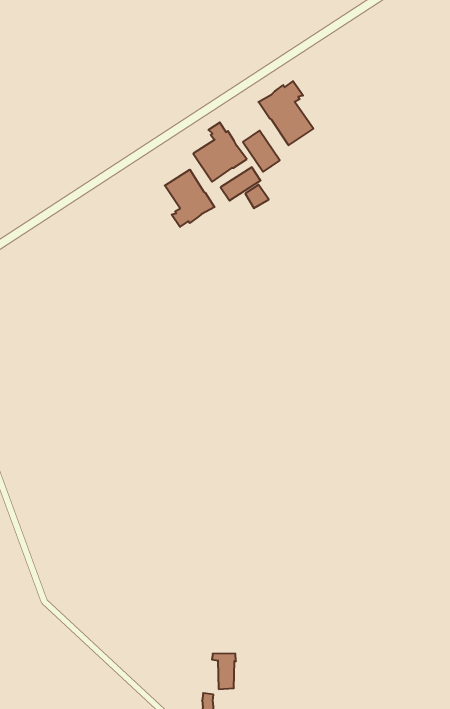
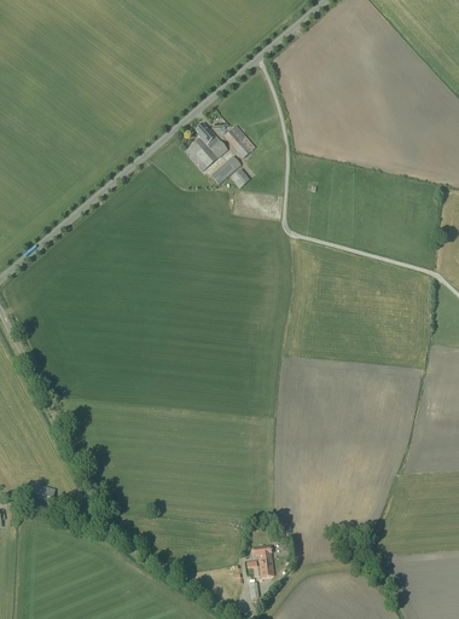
building: [258,81,313,145] -> none
building: [165,170,215,227] -> none

